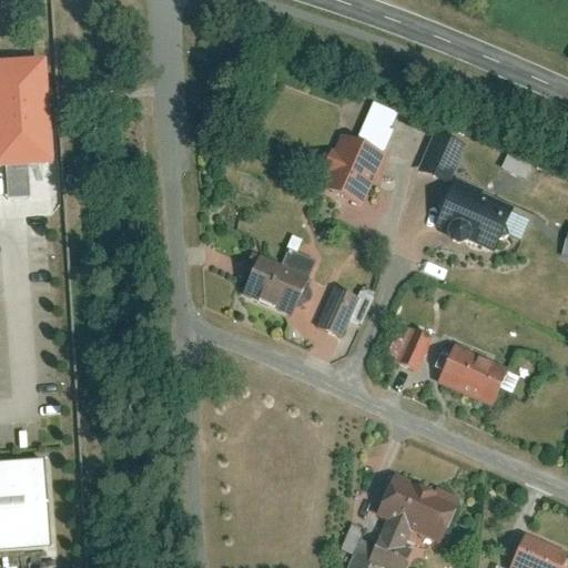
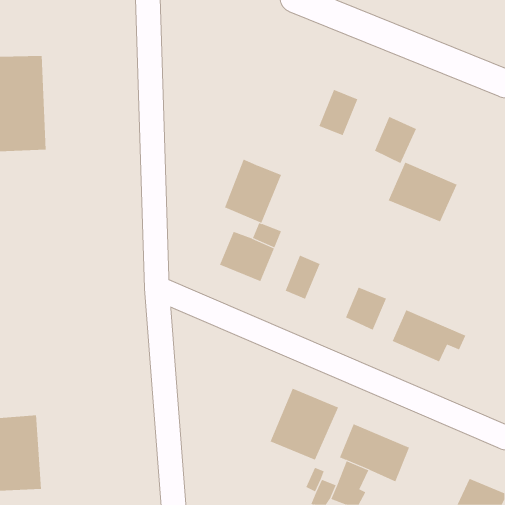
building: [320,134,384,206] -> [224,159,282,223]
building: none -> [270,388,339,460]

